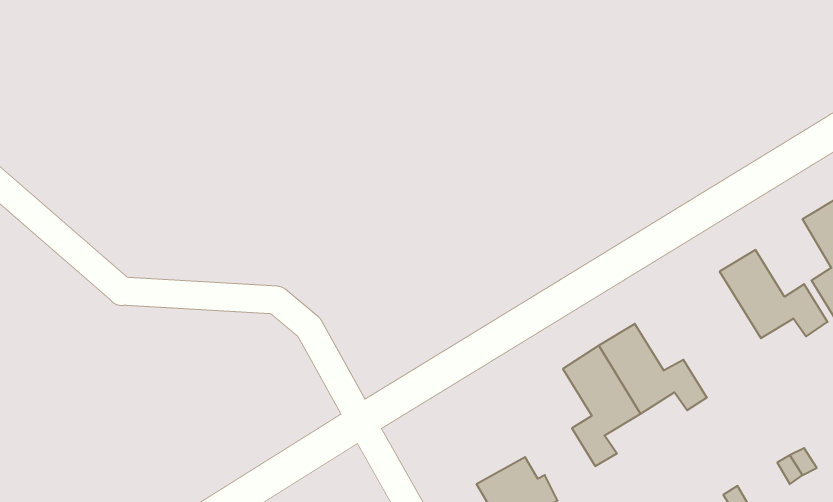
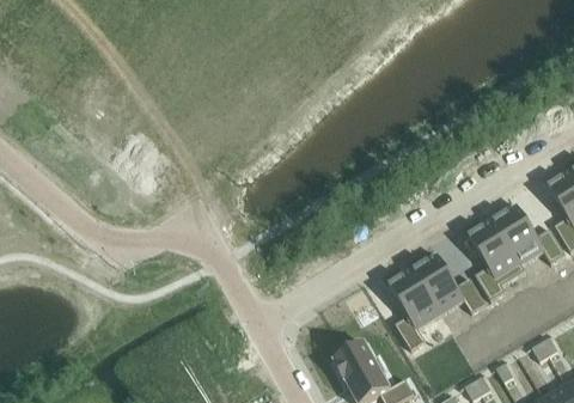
building: none -> [469,220,525,300]

